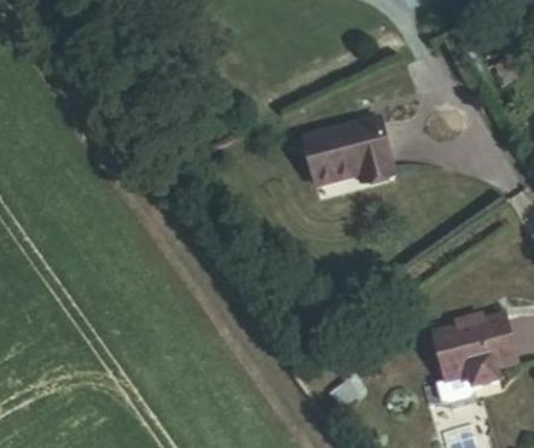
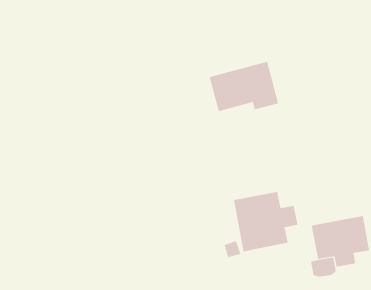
building: none -> [234,191,298,252]

